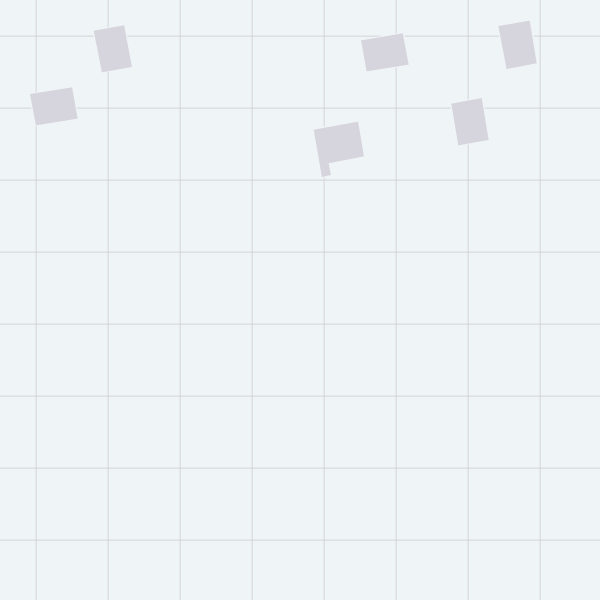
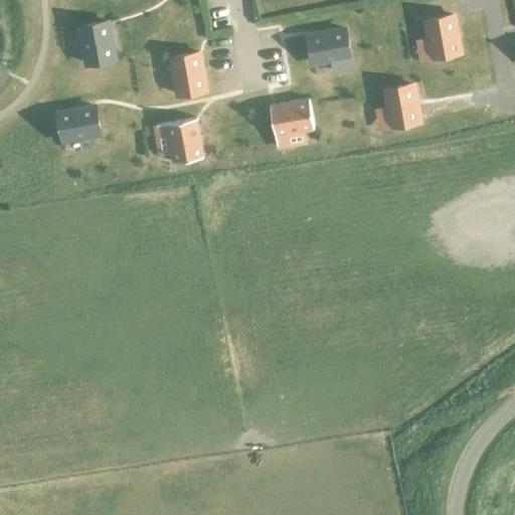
building: none -> [171,52,205,95]
building: [29,87,79,126] -> [57,107,100,140]
building: none -> [153,122,201,166]

